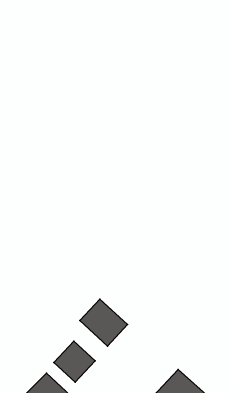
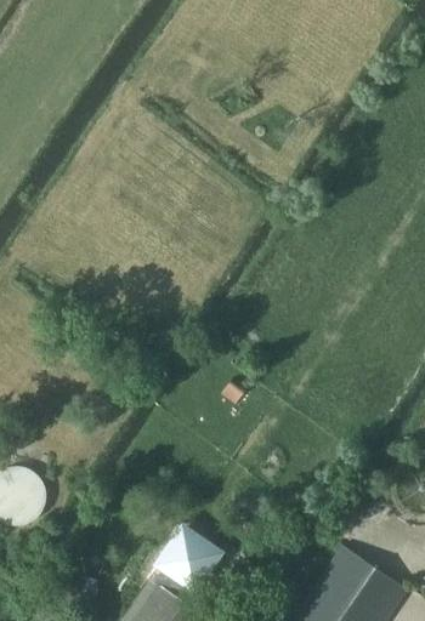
building: [80,299,127,346] -> none

